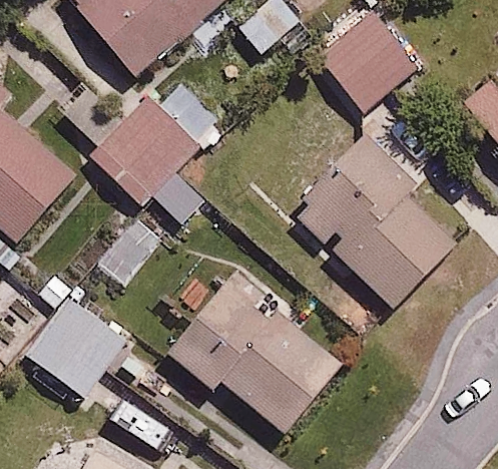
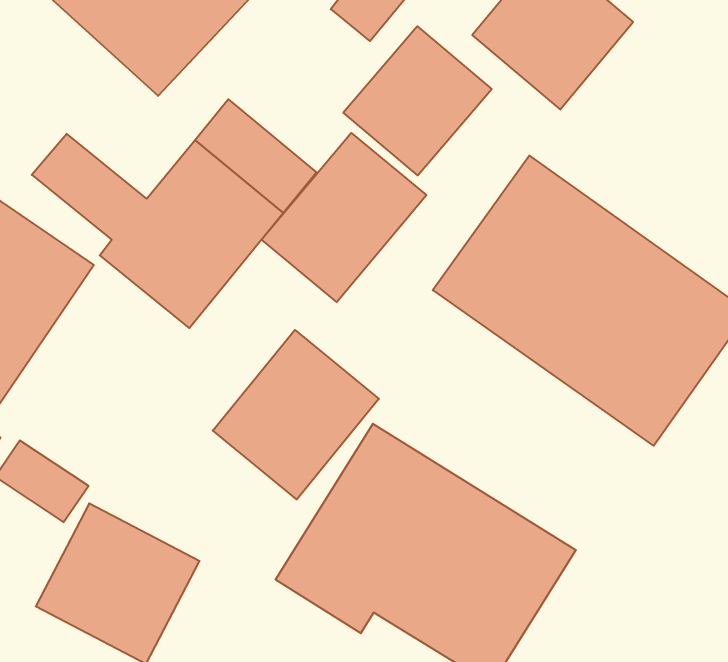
building: none -> [343,26,492,175]
building: none -> [261,133,426,302]
building: none -> [213,330,379,499]

